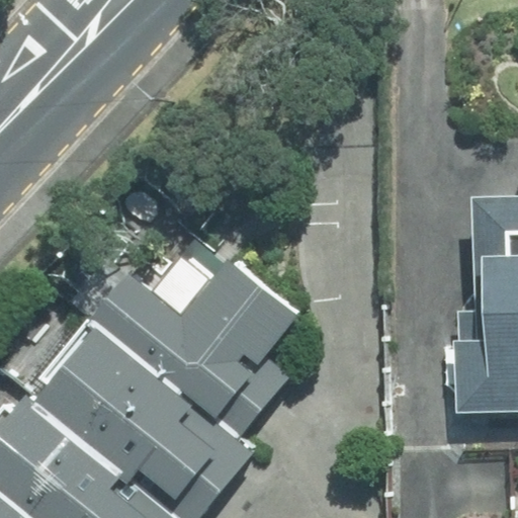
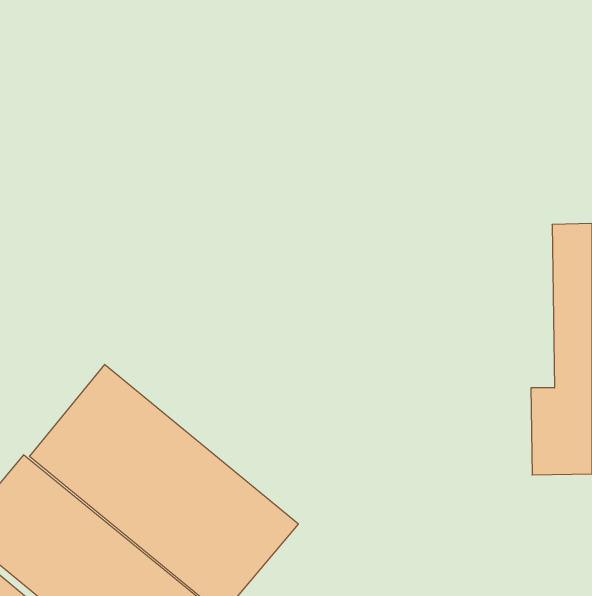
building: [90,255,305,440] -> none

